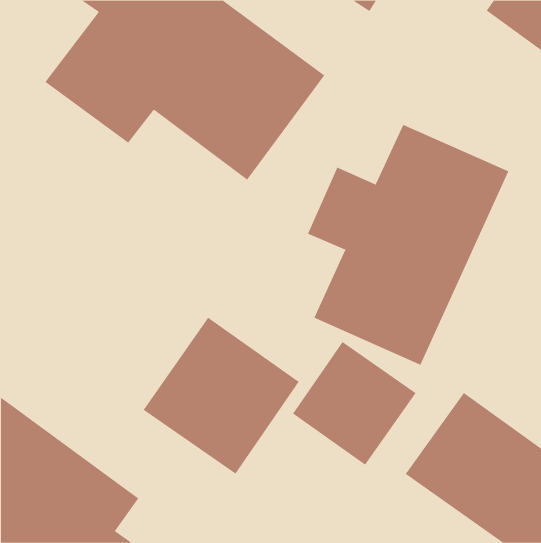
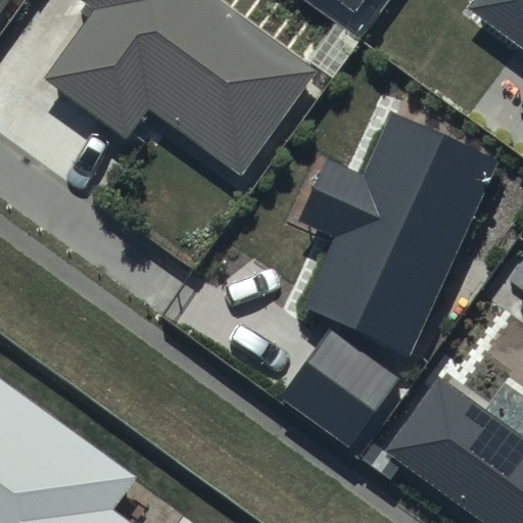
building: [143,317,299,475] -> none

